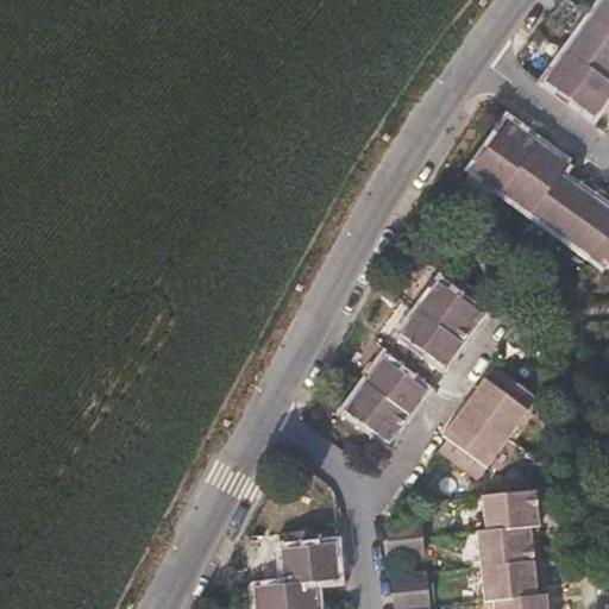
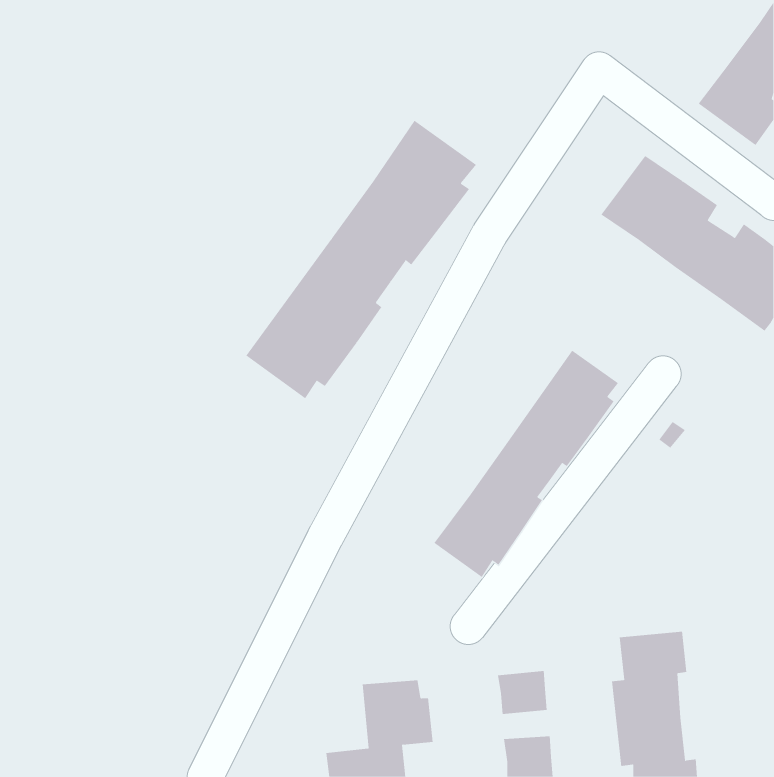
building: none -> [245,120,477,399]
building: [444,375,536,478] -> none

